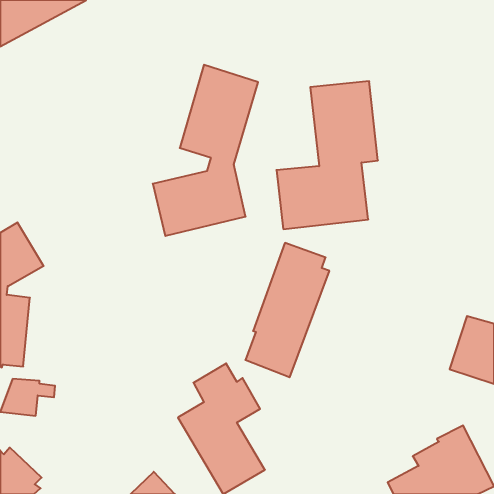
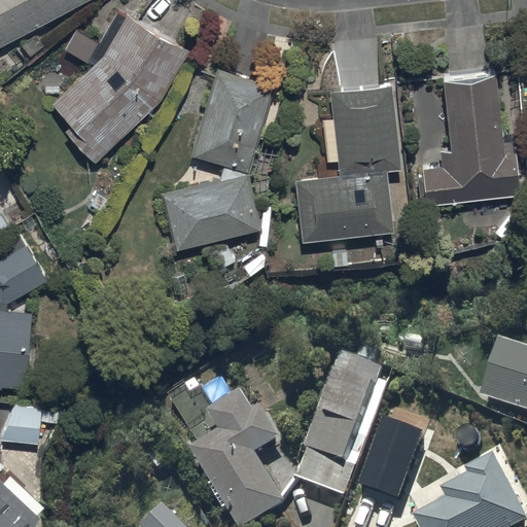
building: none -> [50,15,188,165]
building: none -> [421,71,522,207]
building: [245,243,329,377] -> [297,349,387,492]
building: none -> [356,416,423,498]

